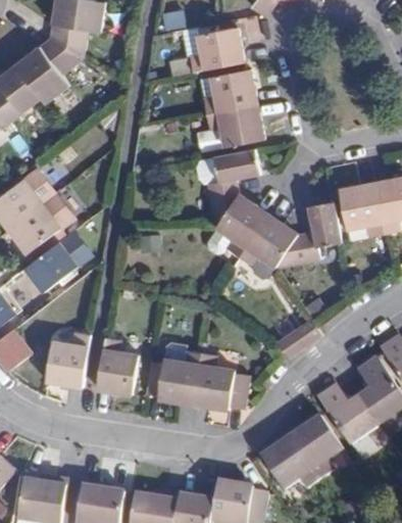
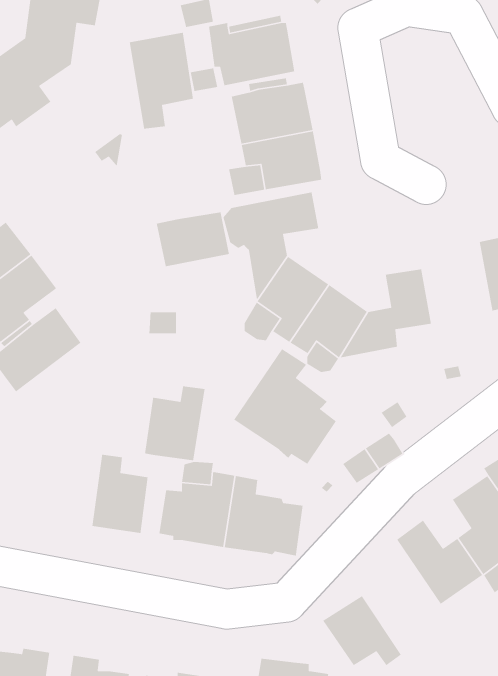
building: none -> [129,32,194,129]
building: none -> [156,212,230,267]
building: [341,184,385,236] -> none
building: none -> [233,348,337,465]
building: [47,331,91,385] -> [144,385,205,461]
building: [292,418,342,480] -> none

